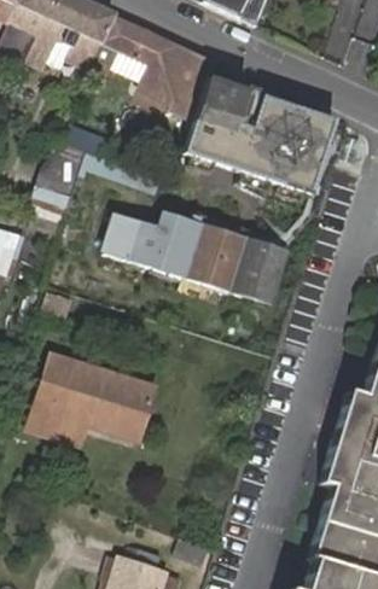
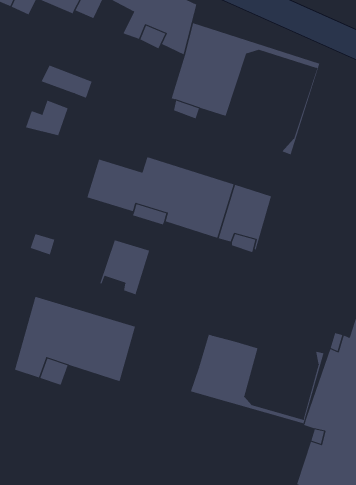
building: [242,106,336,208] -> none
building: none -> [99,239,150,295]
building: none -> [190,334,324,424]

